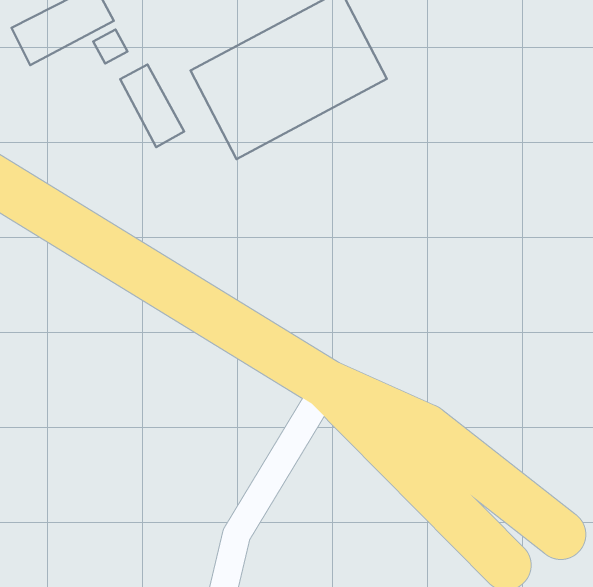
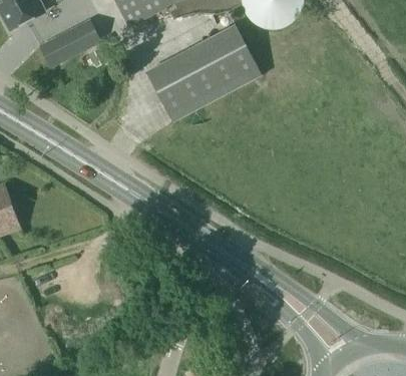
building: [120,65,184,147] -> none

